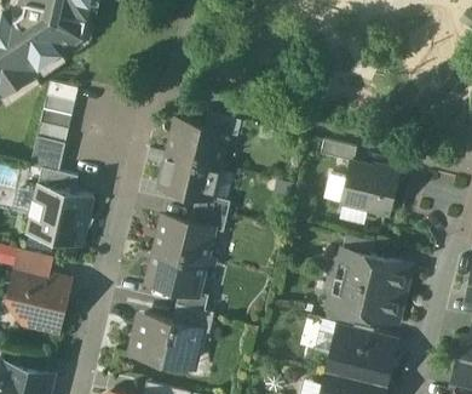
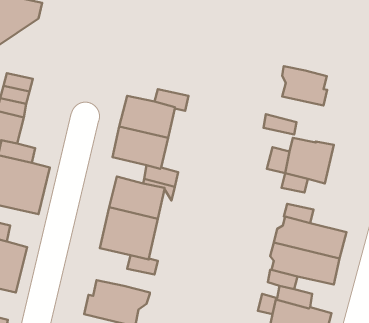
building: none -> [282,66,327,106]
building: [172,306,213,335] -> none

